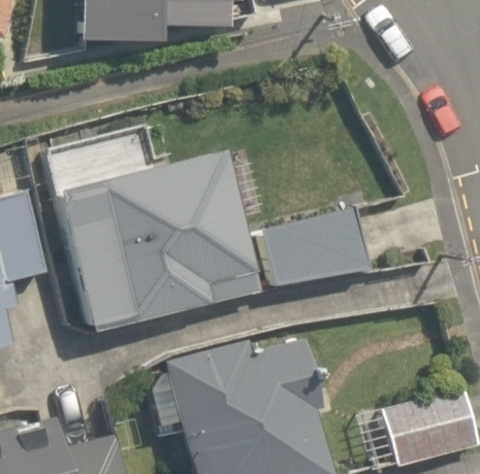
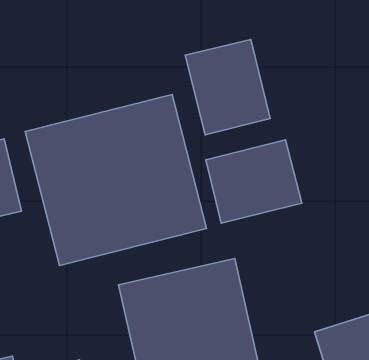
building: none -> [185,40,270,135]

